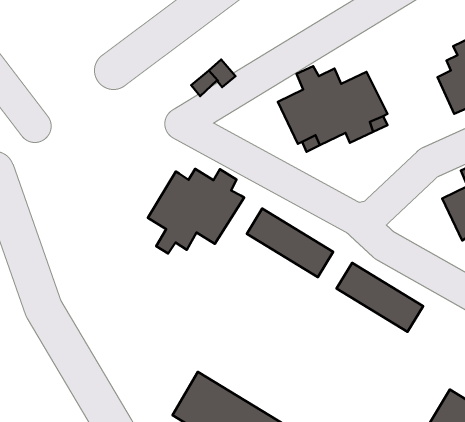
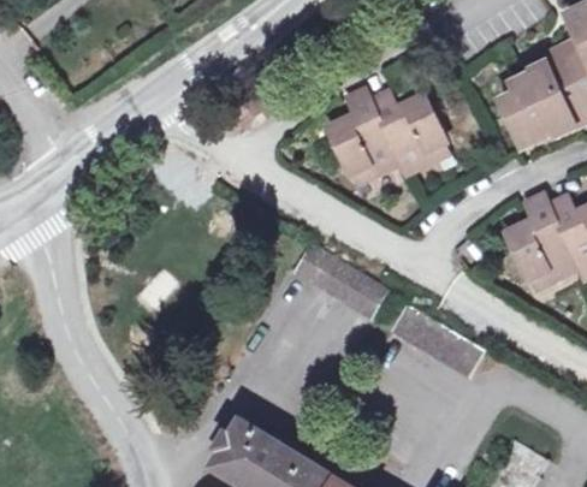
building: [148,169,244,253] -> none

